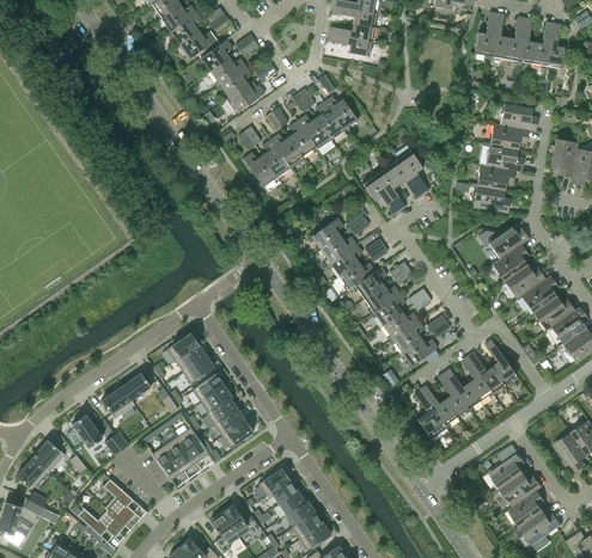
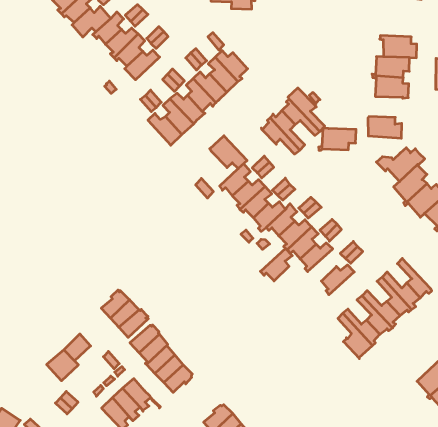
building: [472,165,514,191] -> [319,128,356,150]
building: none -> [210,136,247,169]
building: [389,320,425,352] -> [260,249,292,281]
building: [71,415,102,448] -> none

